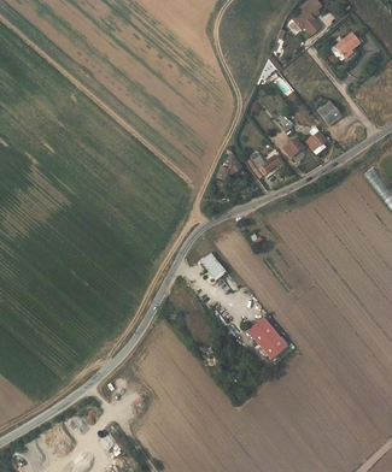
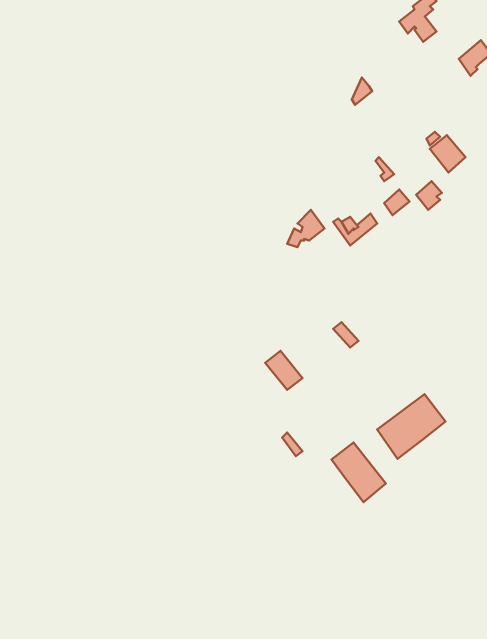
building: none -> [377,394,446,459]

